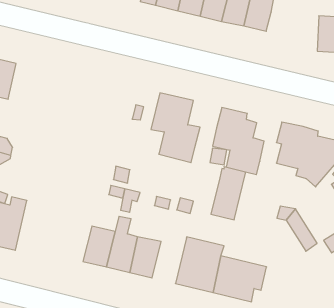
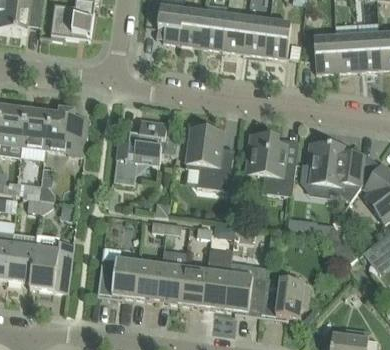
building: none -> [313,36,337,71]
building: none -> [45,108,87,155]
building: none -> [113,119,167,184]
building: [211,167,245,220] -> [201,258,230,308]
building: none -> [96,256,138,296]

